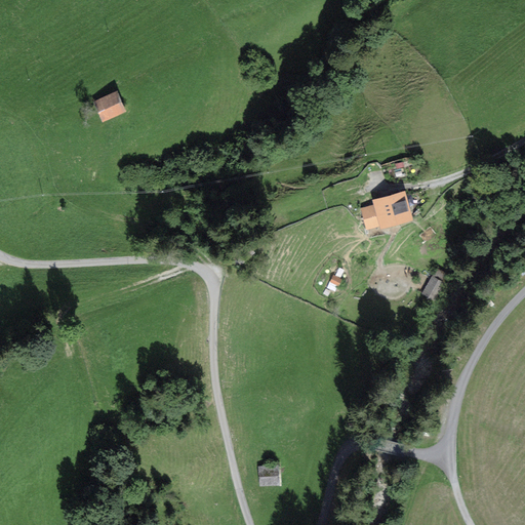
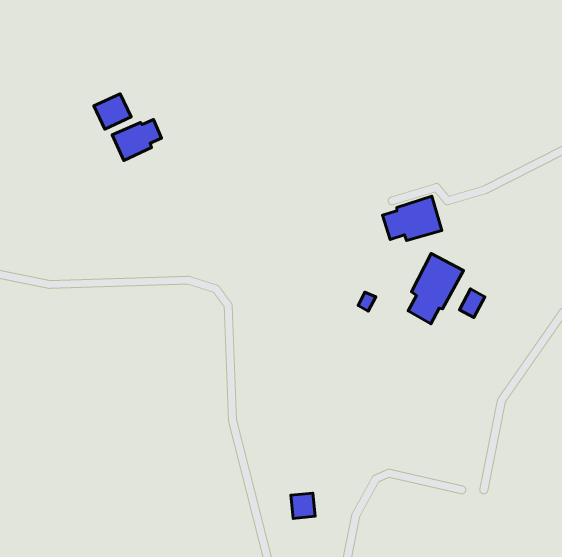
building: none -> [112,120,161,160]
building: none -> [408,253,464,324]

